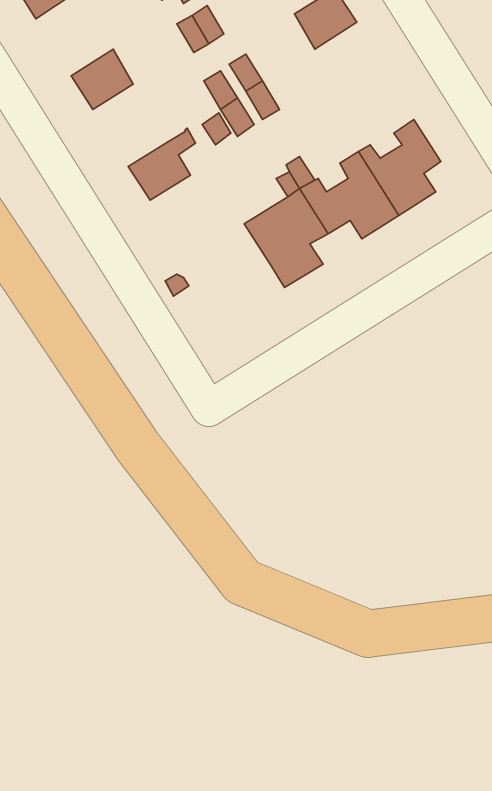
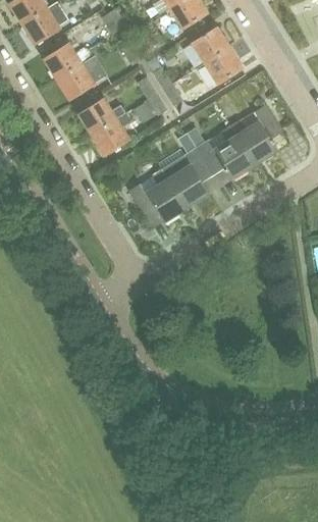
building: none -> [43,43,82,80]
building: none -> [204,47,243,84]
building: none -> [77,98,125,135]
building: none -> [128,169,186,221]

